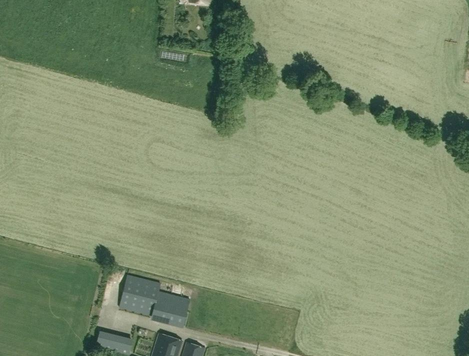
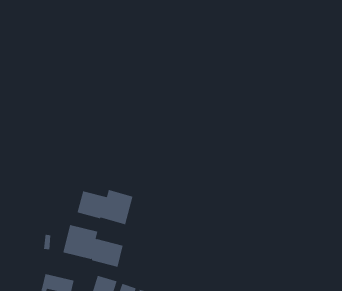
building: none -> [77,189,133,225]

